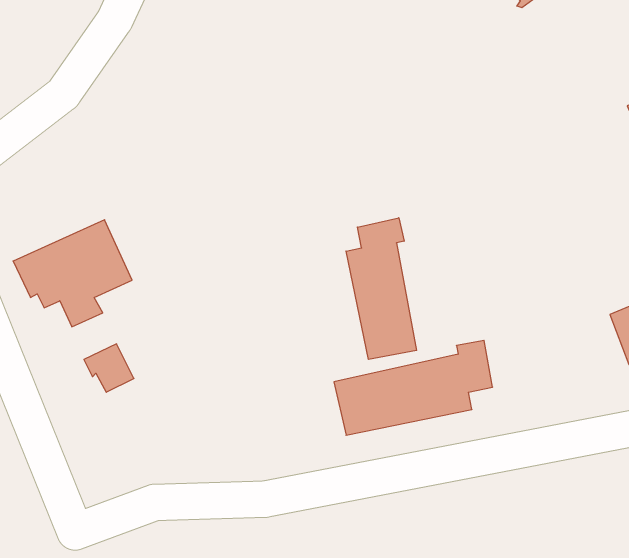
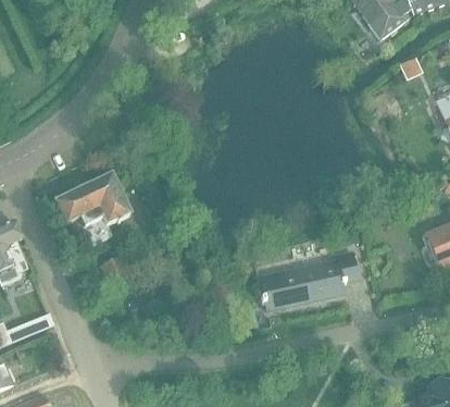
building: [346,218,417,359] -> none

